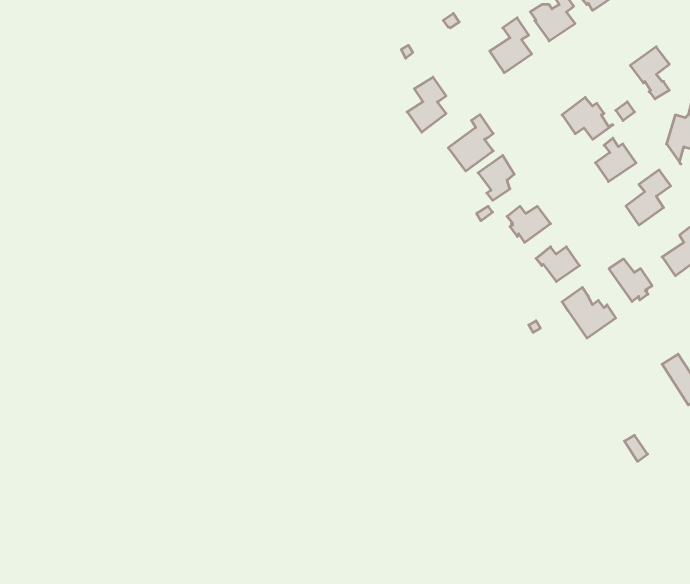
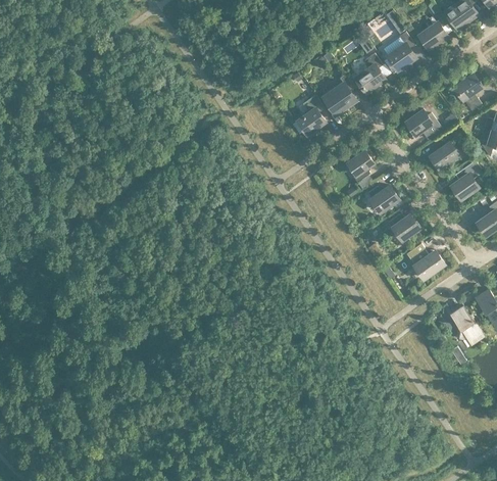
building: [448,115,493,171] -> [324,75,355,114]
building: [609,259,652,302] -> none
building: none -> [452,307,483,343]

